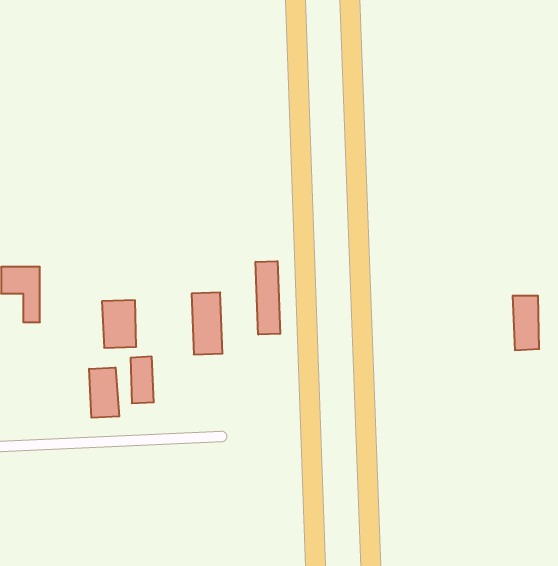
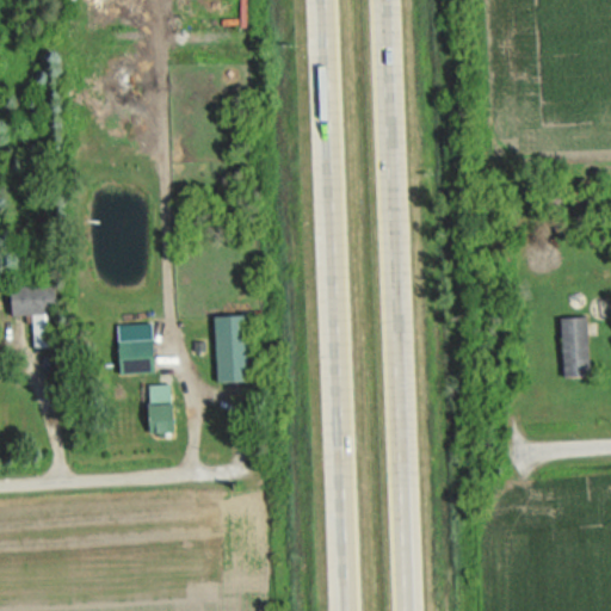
building: [256,261,280,335] -> none
building: [89,367,119,418] -> none

